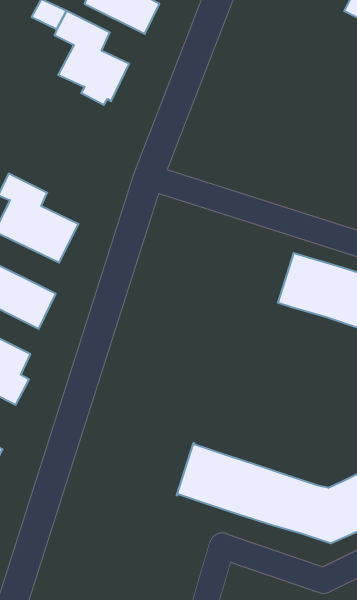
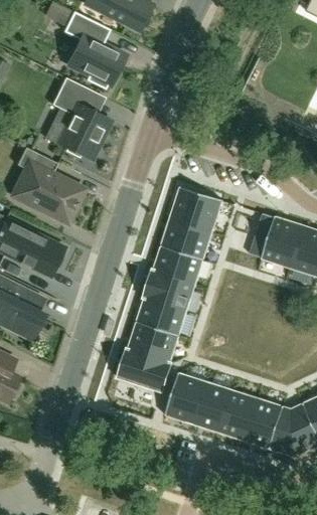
building: none -> [51,77,111,160]
building: none -> [118,186,222,392]

